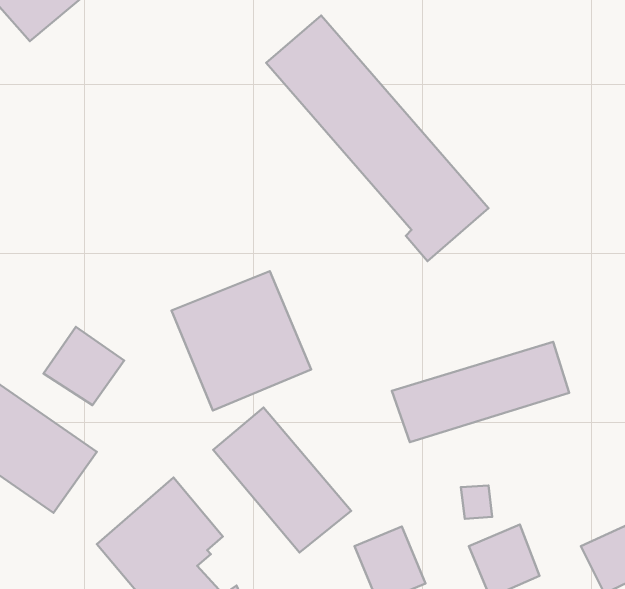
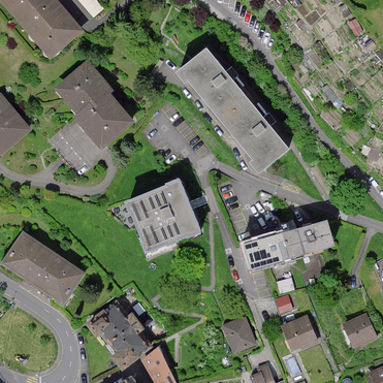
building: none -> [53,59,135,151]
building: [44,327,124,405] -> none
building: [213,408,351,552] -> none

